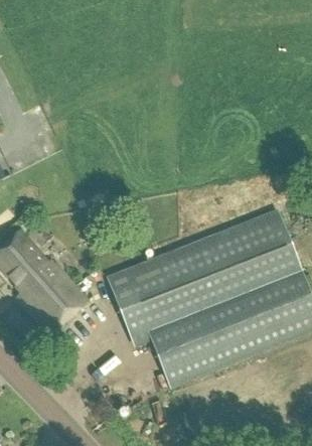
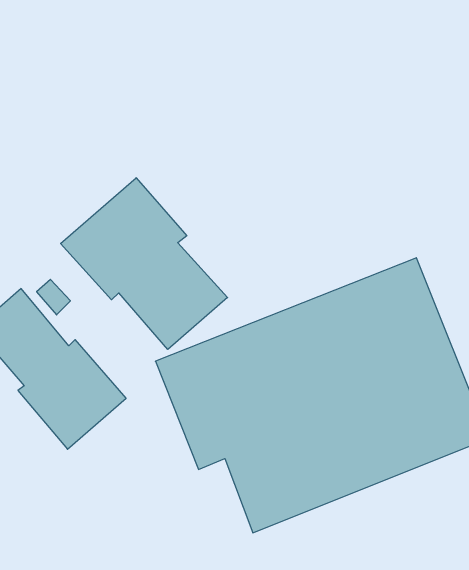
building: none -> [61,178,228,349]

